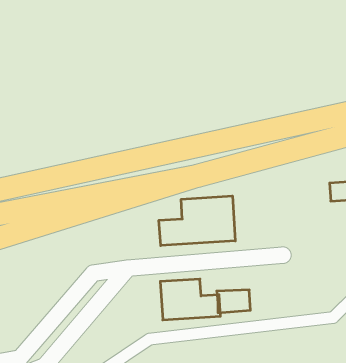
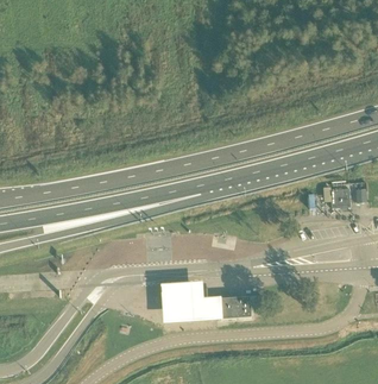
building: [159,196,235,246] -> none

